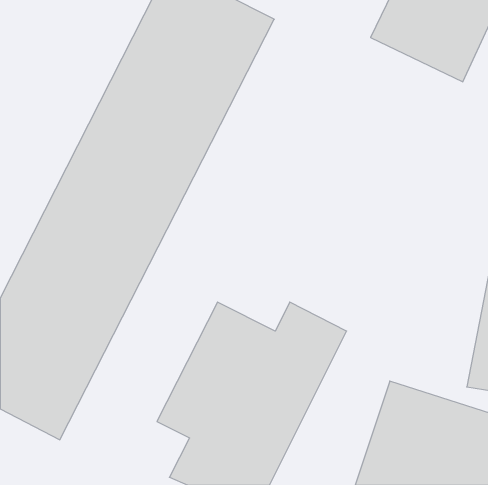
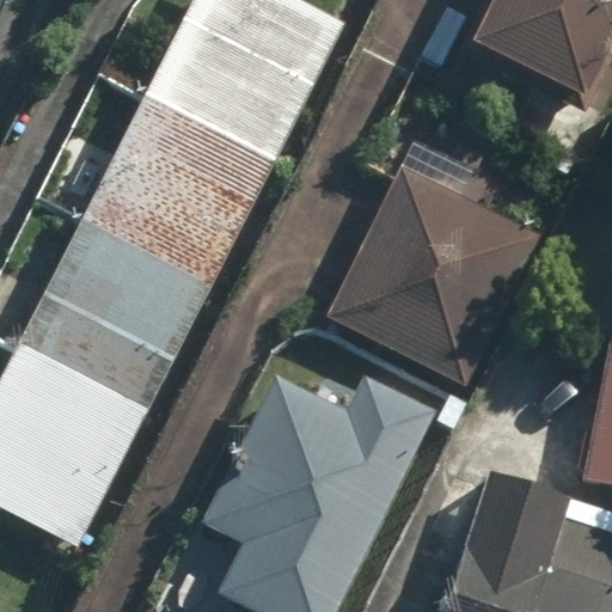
building: none -> [328,165,541,384]

